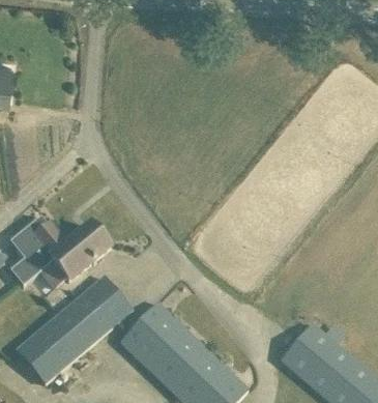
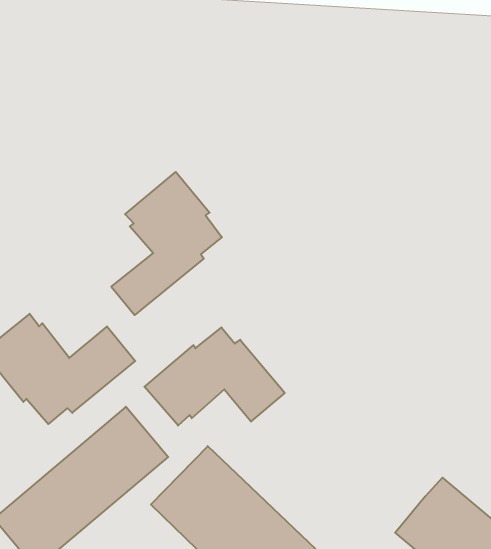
building: none -> [111,172,222,315]
building: none -> [144,327,285,426]

